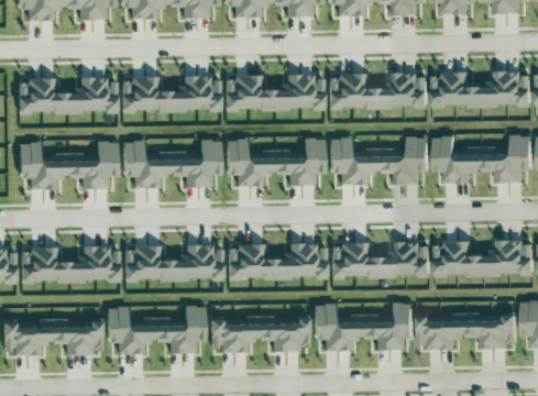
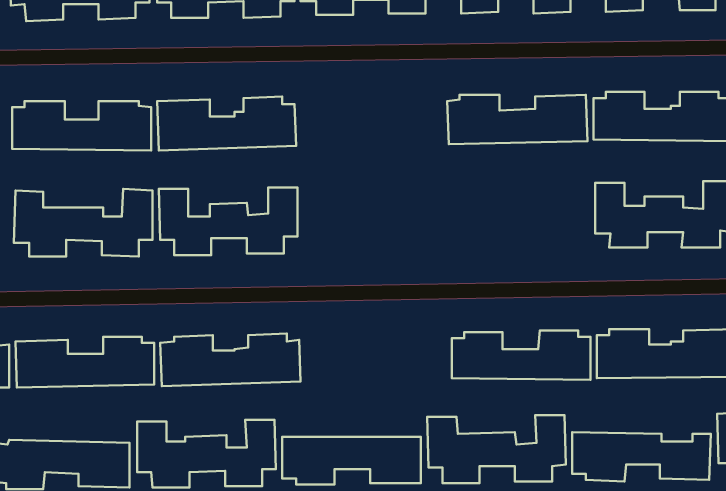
building: [226,74,325,110] -> none
building: [330,136,430,185] -> none
building: [228,138,326,186] -> none
building: [229,244,328,279] -> none

